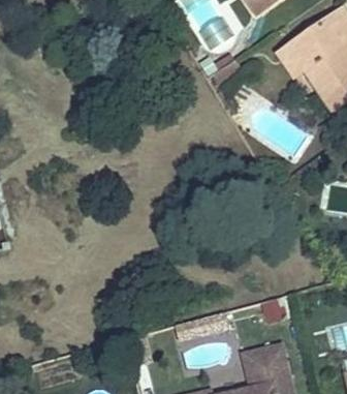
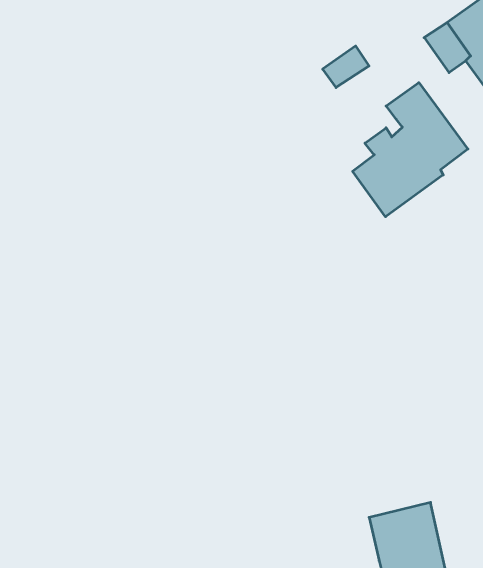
building: none -> [353,83,468,217]

